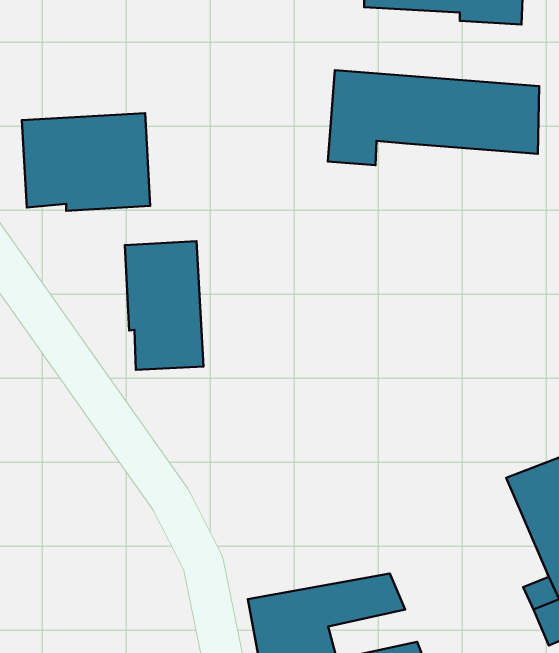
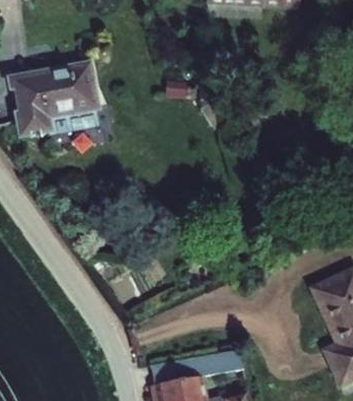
building: [328,70,539,165] -> none
building: [125,241,204,370] -> none

